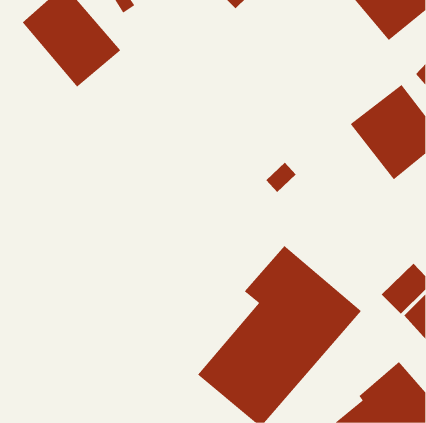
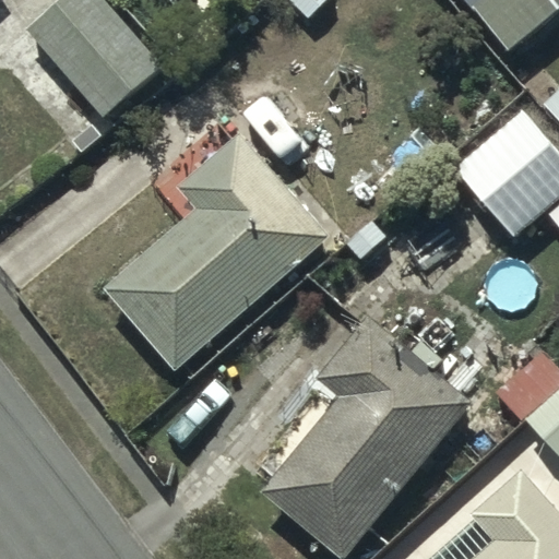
building: none -> [104,140,325,372]

